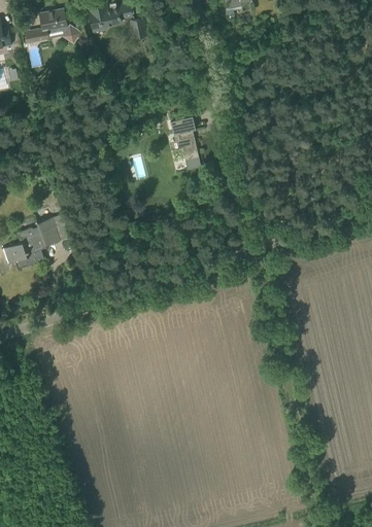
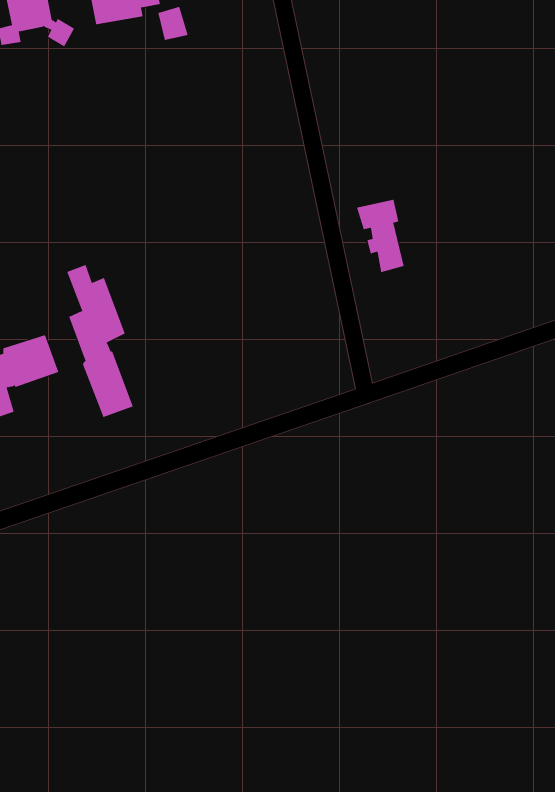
building: [169,116,198,161] -> [356,199,404,273]
building: none -> [67,264,133,418]

